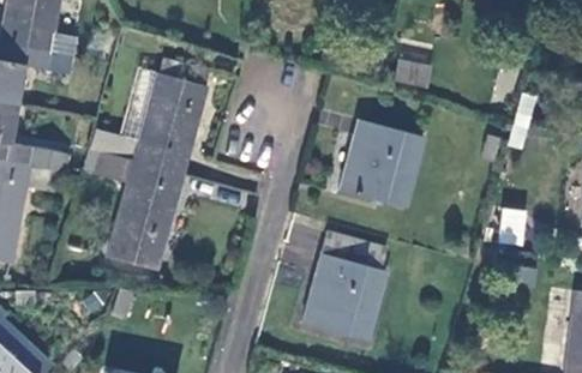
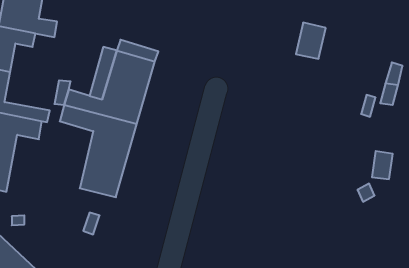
building: [341,120,425,209] -> none
building: [305,230,391,341] -> none

